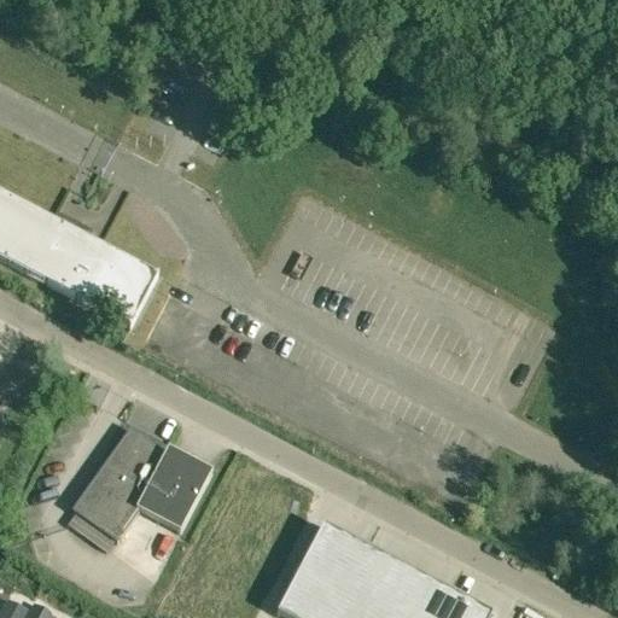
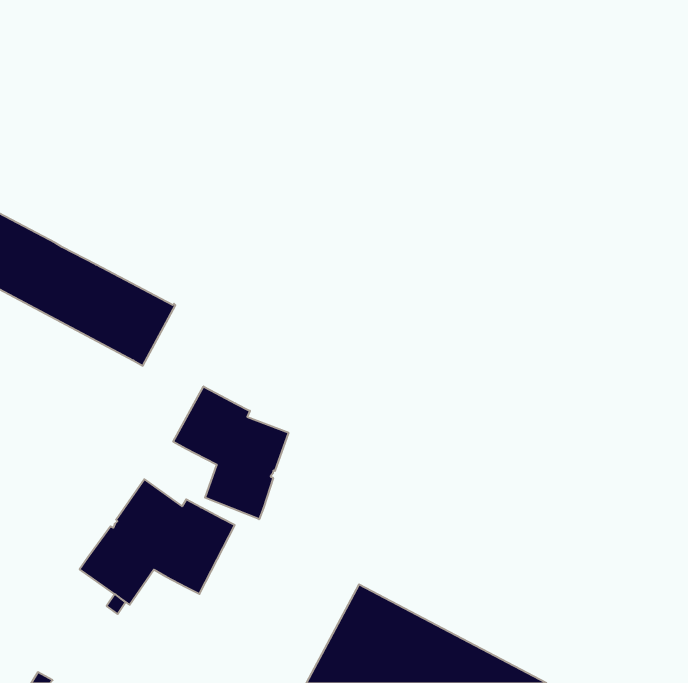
building: none -> [173,386,288,519]

